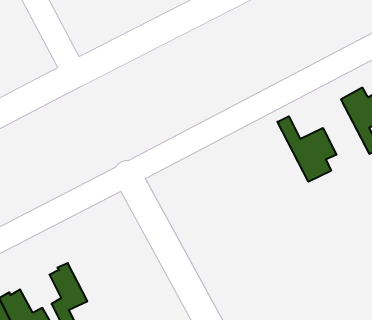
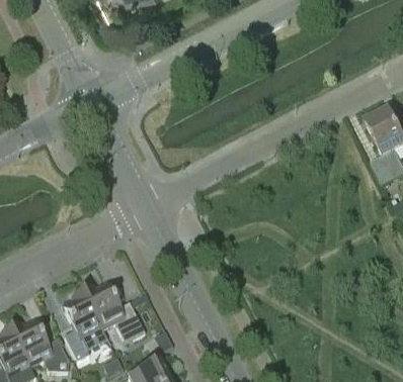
building: [277,116,337,182] -> none
building: none -> [82,282,145,343]

